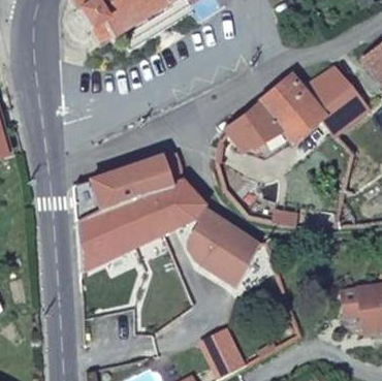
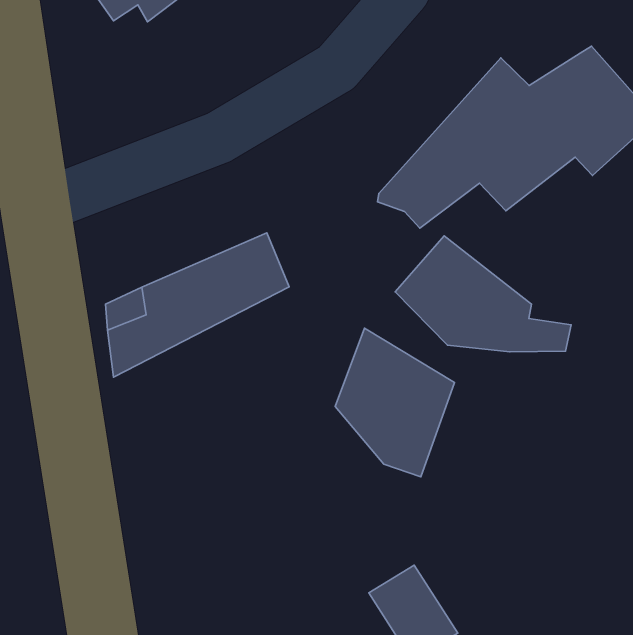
building: [77,174,208,267] -> none

